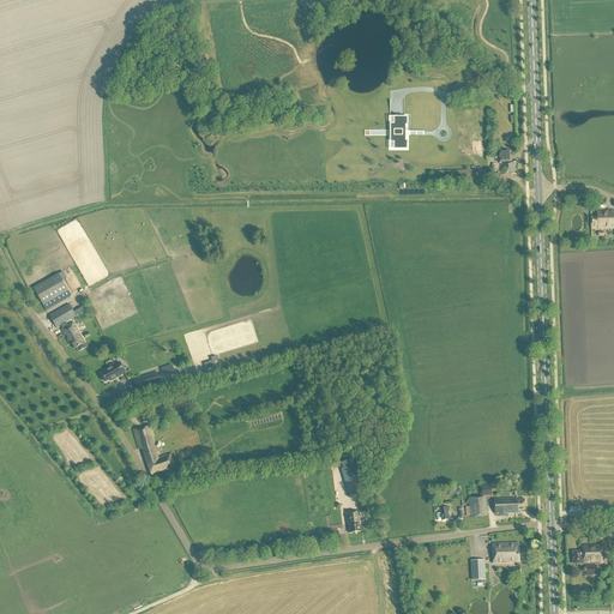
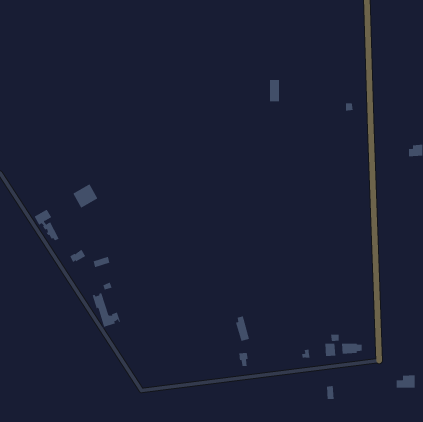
building: [34,272,71,308] -> [72,184,98,208]
building: [492,541,528,561] -> none

